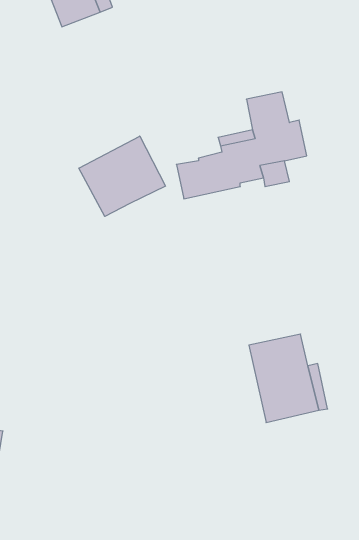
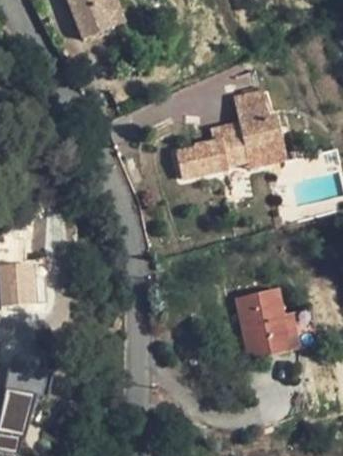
building: [79,136,165,216] -> none

